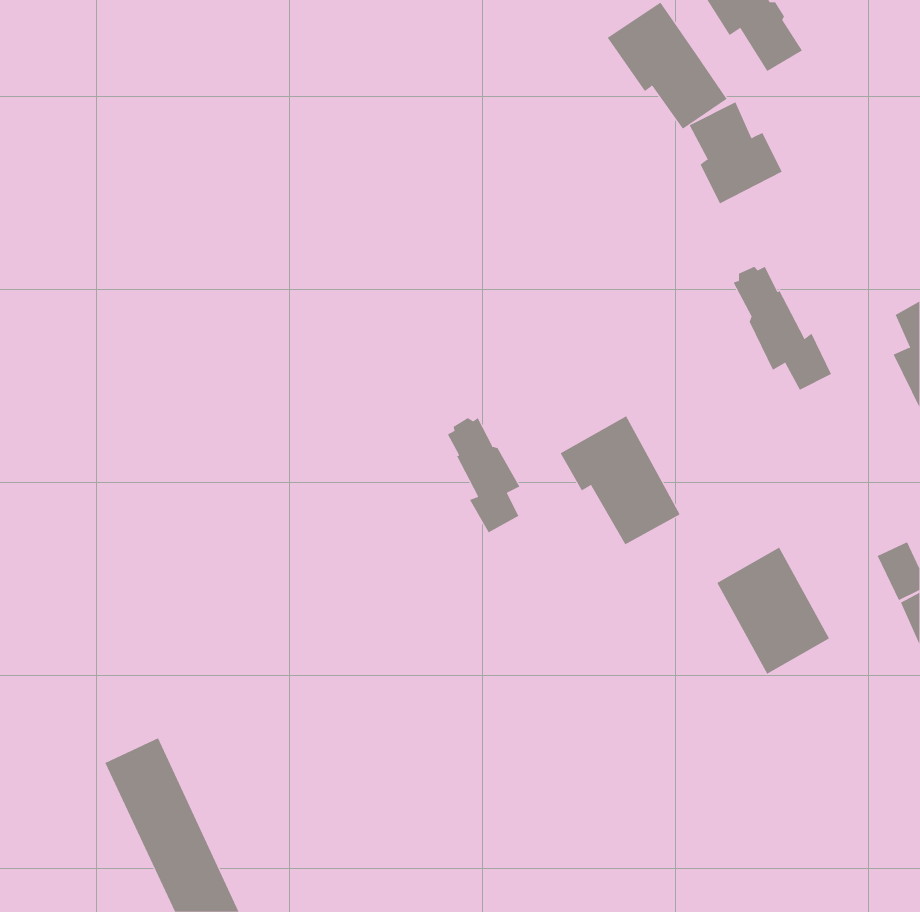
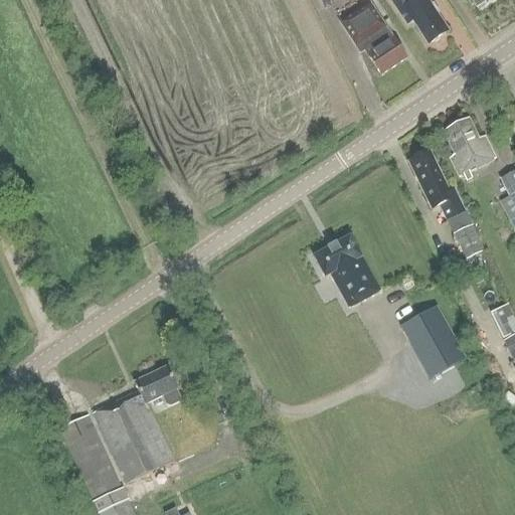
building: [689,102,783,204] -> [444,117,496,174]
building: none -> [447,209,483,256]
building: [447,417,520,533] -> none
building: none -> [92,365,180,481]

